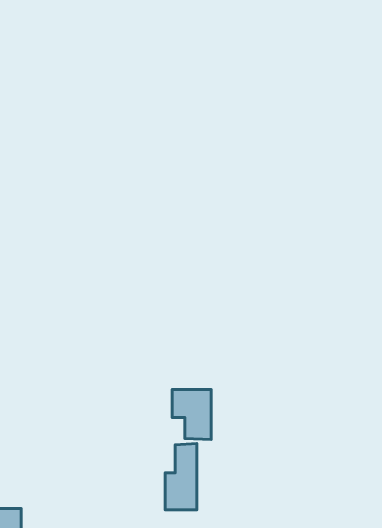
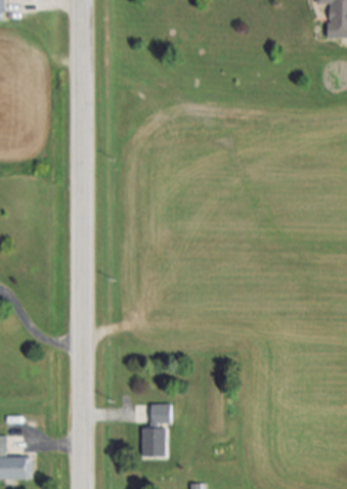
building: [172,390,211,439] -> none

